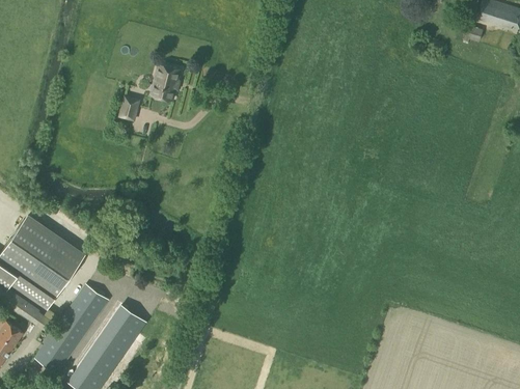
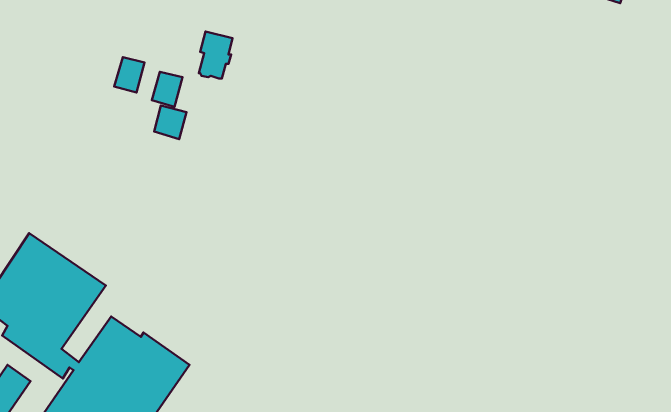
building: none -> [114,57,144,93]
building: none -> [154,106,186,139]

